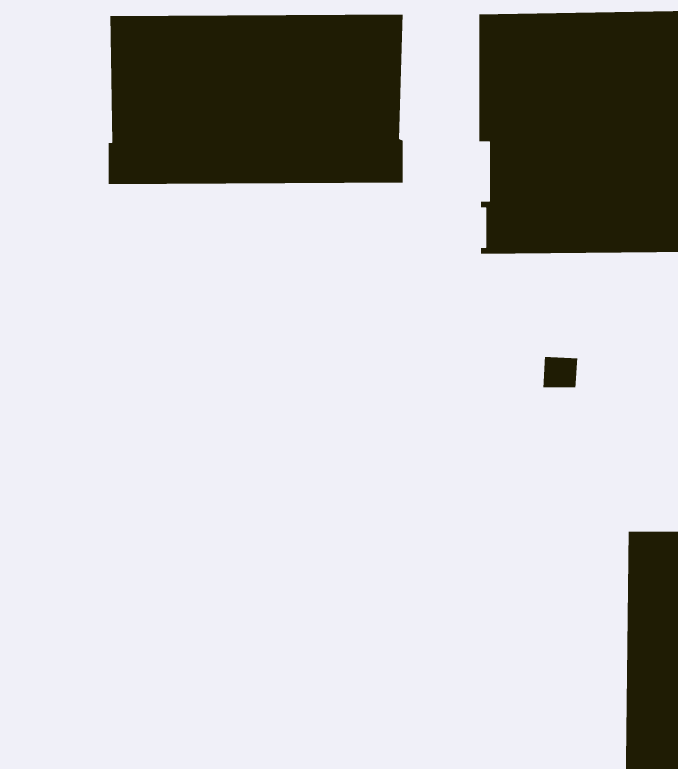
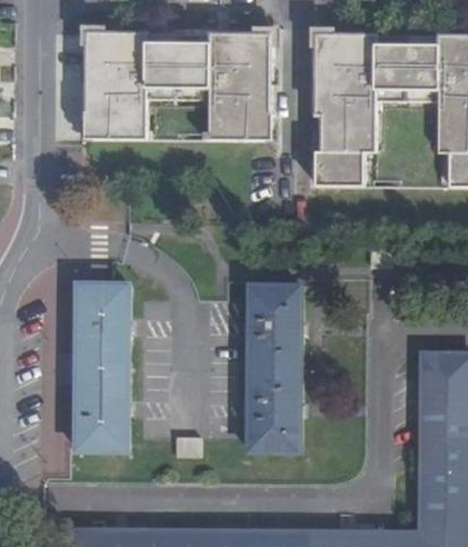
building: none -> [74,287,125,452]
building: none -> [247,288,297,455]

